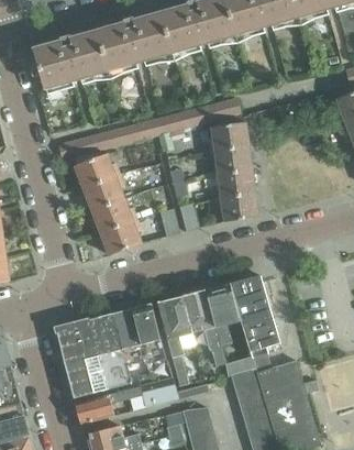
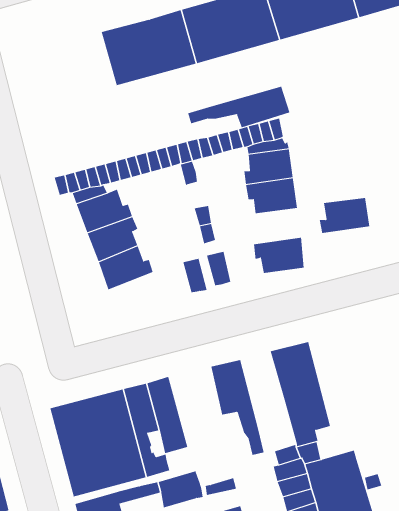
building: [30,30,107,90] -> none
building: none -> [187,86,290,128]
building: [213,169,254,198] -> [319,197,370,233]
building: [100,220,141,255] -> none
building: [206,283,240,344] -> none
building: [157,295,193,385] -> none

